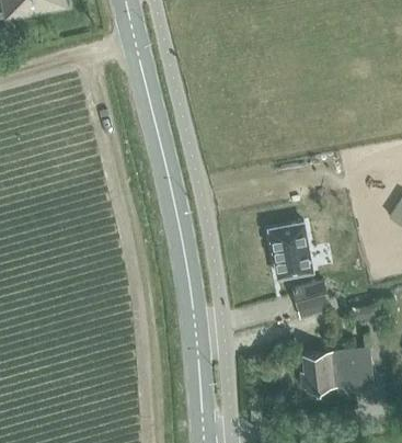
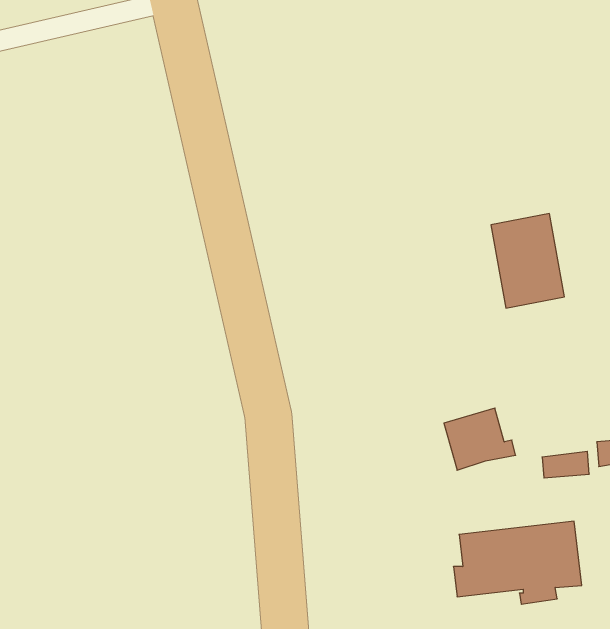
building: [268,222,311,276] -> [491,214,564,308]

